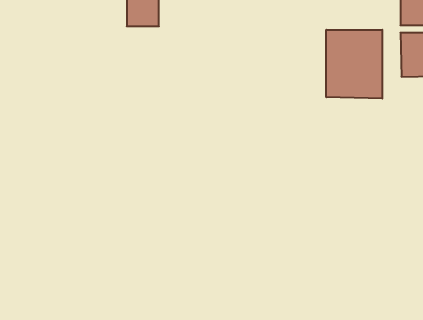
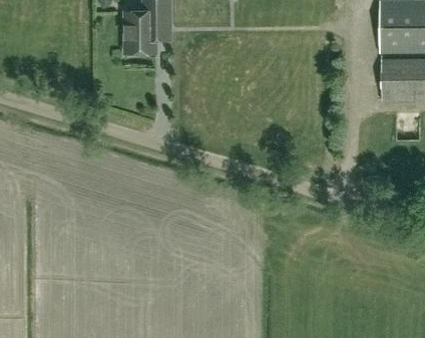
building: [326,30,382,99] -> none

